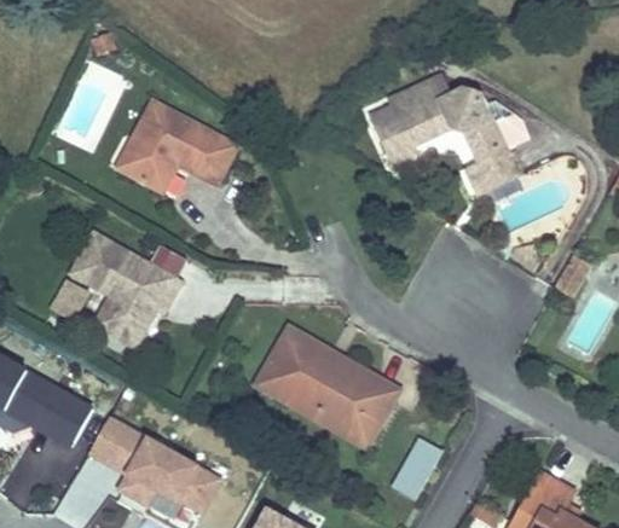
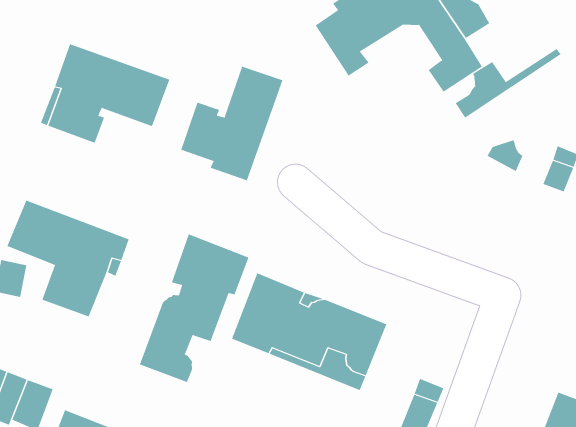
building: none -> [181,66,283,181]
building: none -> [455,48,562,118]
building: none -> [139,234,249,383]

